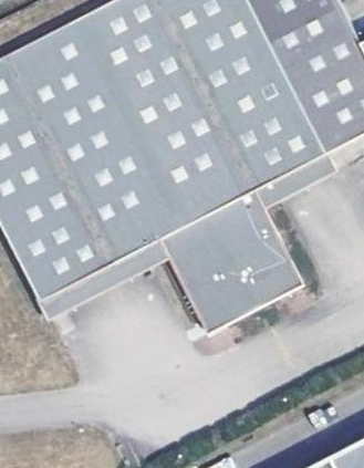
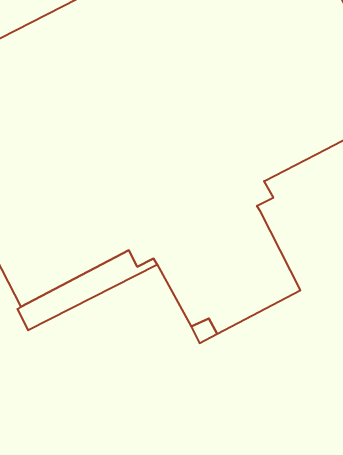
building: [262,152,337,210] -> none

